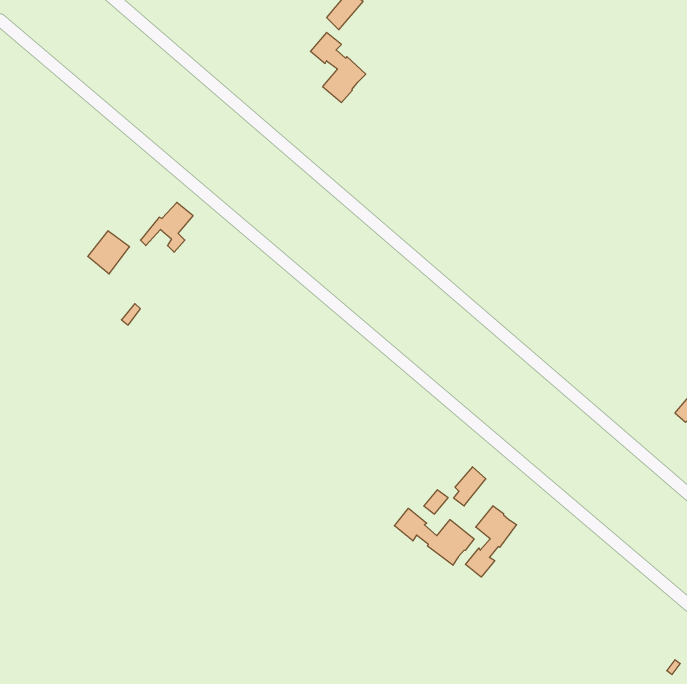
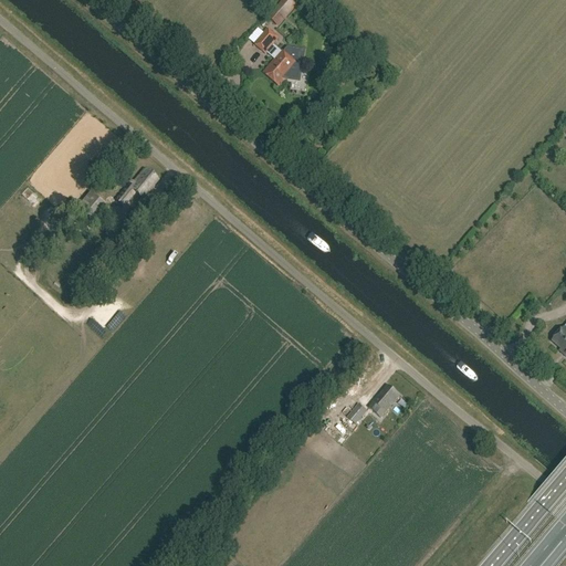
building: [465,506,517,577] -> none
building: [394,508,474,565] -> none

